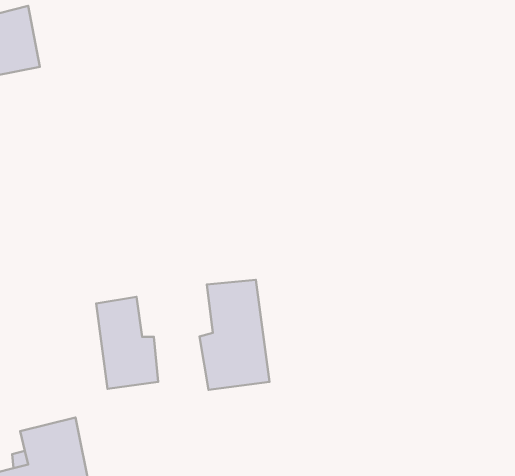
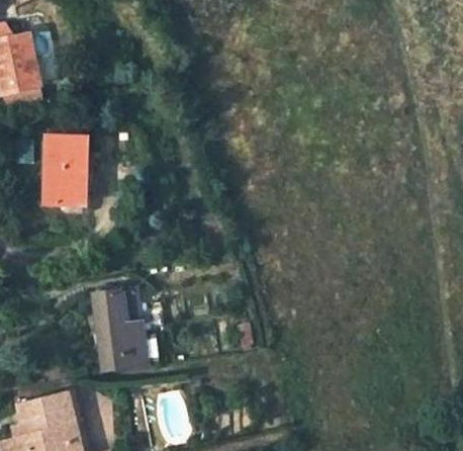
building: none -> [44,137,86,204]
building: [200,280,270,390] -> none

